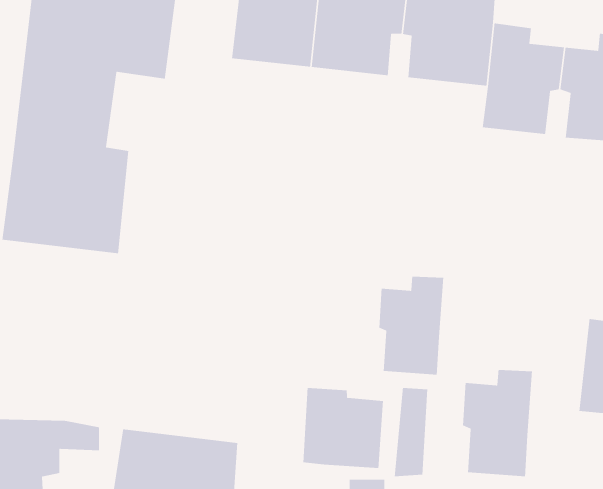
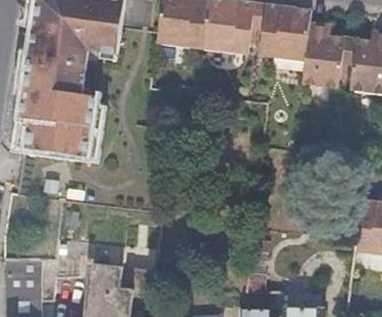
building: [378,276,444,375] -> none
building: [462,369,533,477] -> none
building: [302,387,384,469] -> none

